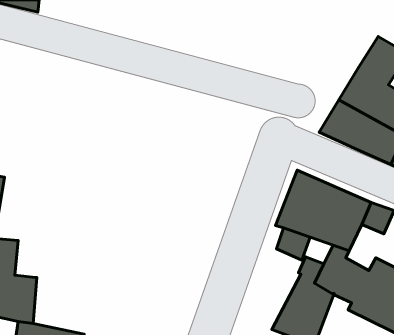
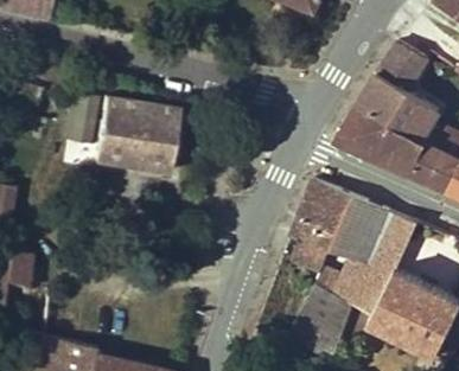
building: none -> [93,97,178,173]
building: none -> [364,235,404,282]

